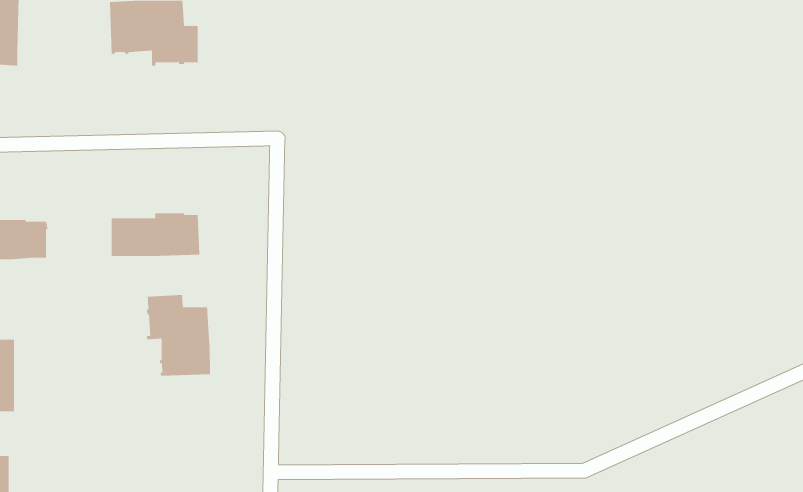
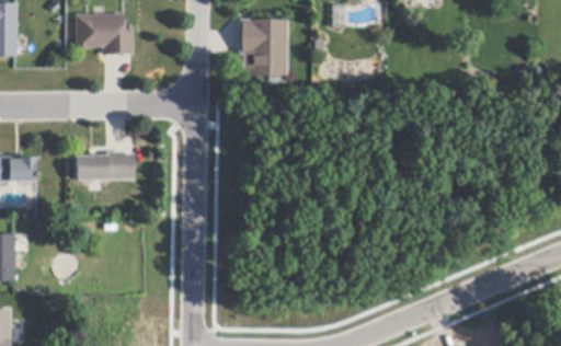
building: none -> [239,20,287,76]
building: [146,294,210,377] -> none

